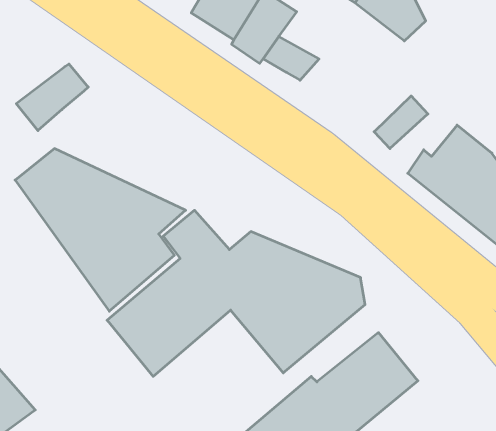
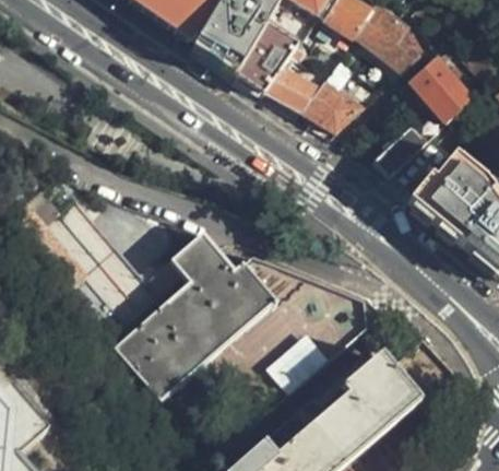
building: none -> [411,57,473,125]
building: none -> [301,82,361,134]
building: [16,64,88,131] -> none

